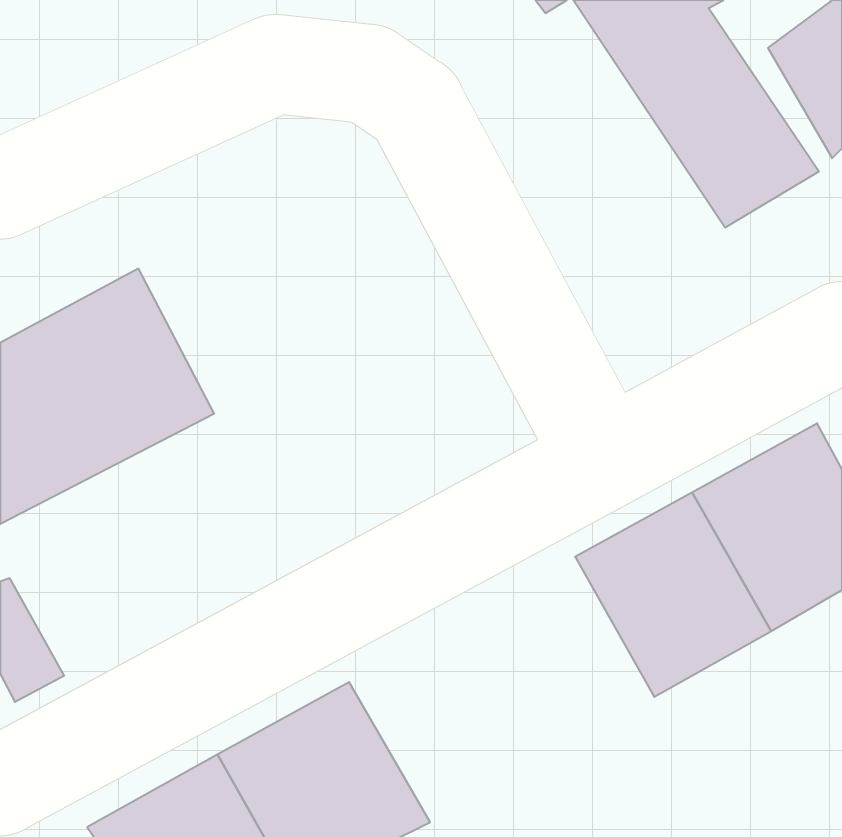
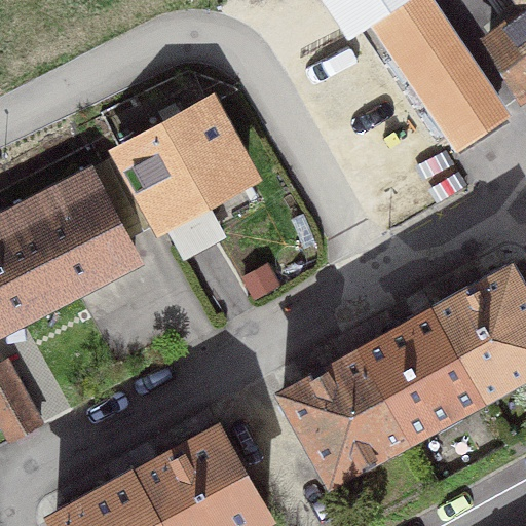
building: none -> [117,92,249,262]
building: none -> [281,350,408,481]

